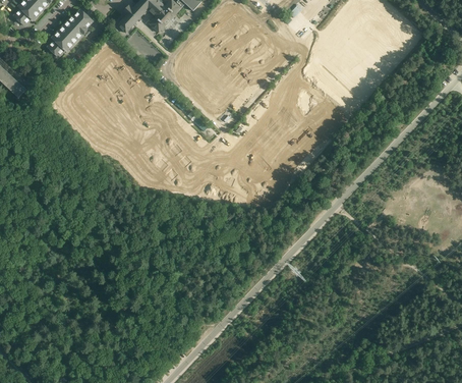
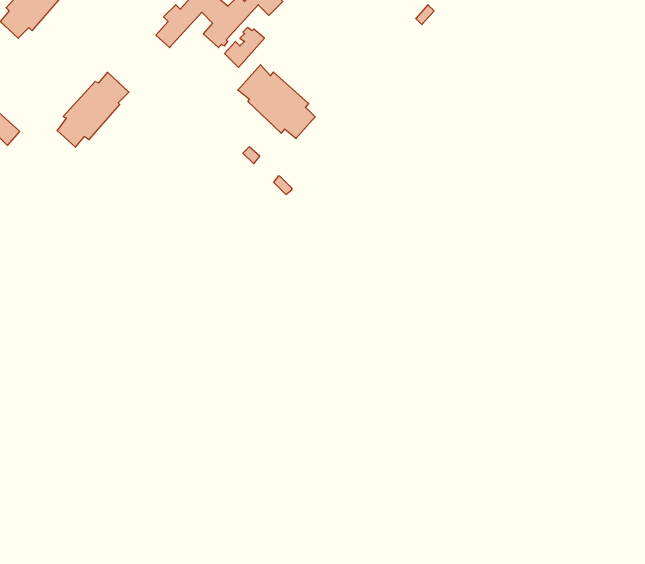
building: [45,8,93,58] -> [57,72,129,147]
building: none -> [238,65,315,139]

